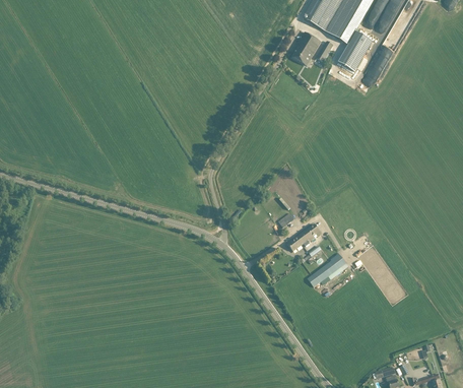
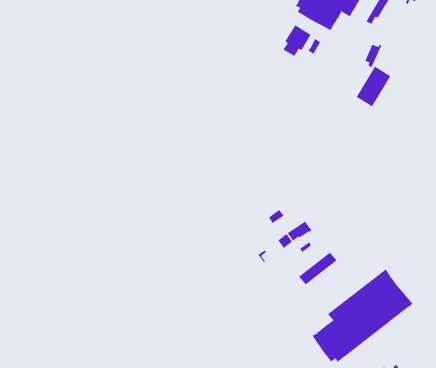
building: [339,31,374,72] -> [356,66,391,107]
building: none -> [312,269,413,363]

